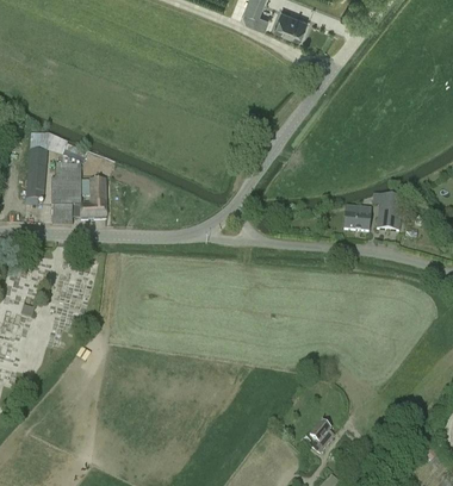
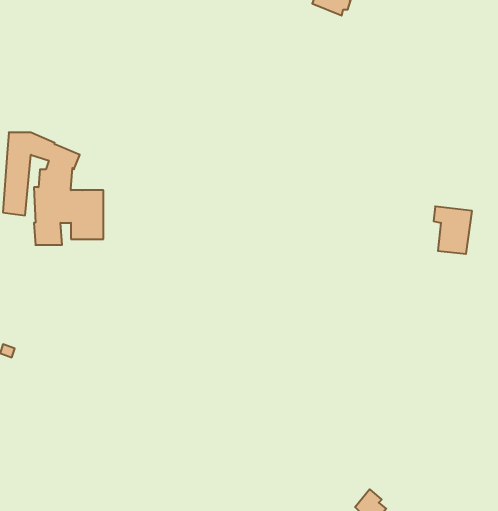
building: [342,207,371,231] -> none

